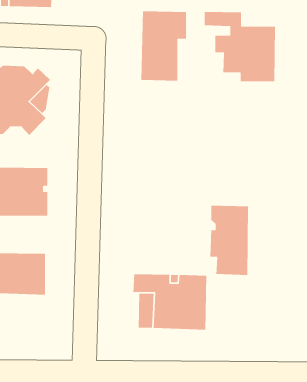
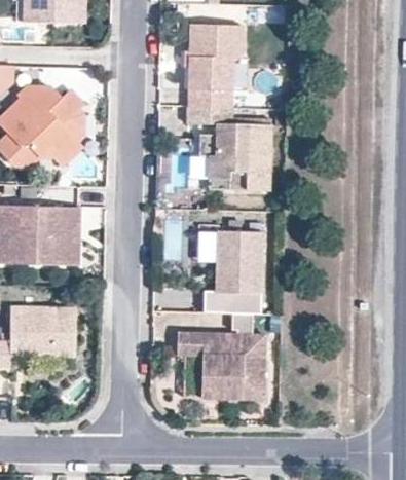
building: [204,11,276,82] -> [187,105,271,188]
building: [209,205,249,276] -> [216,229,262,312]

